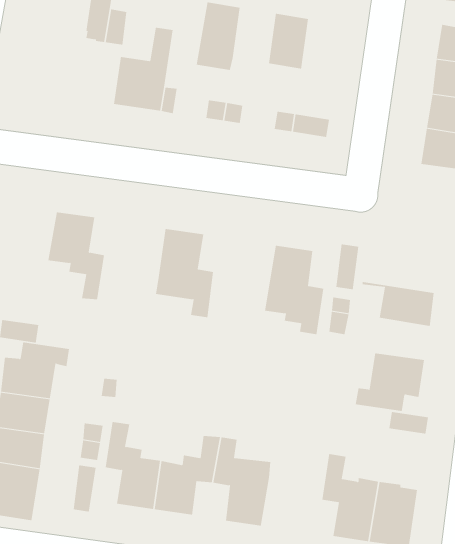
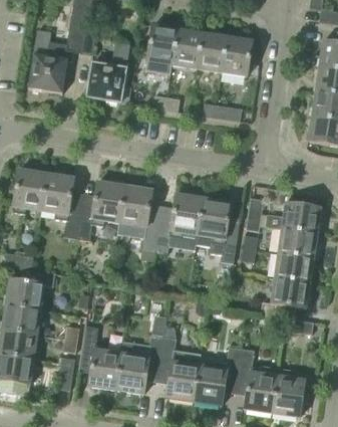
building: none -> [173,28,203,68]
building: none -> [28,30,73,93]
building: none -> [222,36,253,76]
building: none -> [12,171,45,214]
building: none -> [75,183,123,241]
building: none -> [154,195,203,253]
building: none -> [265,203,321,233]
building: none -> [274,251,314,281]
building: none -> [193,347,241,405]

